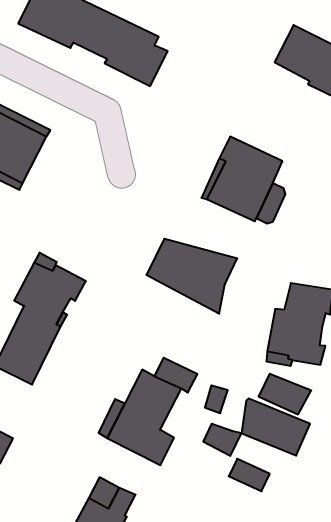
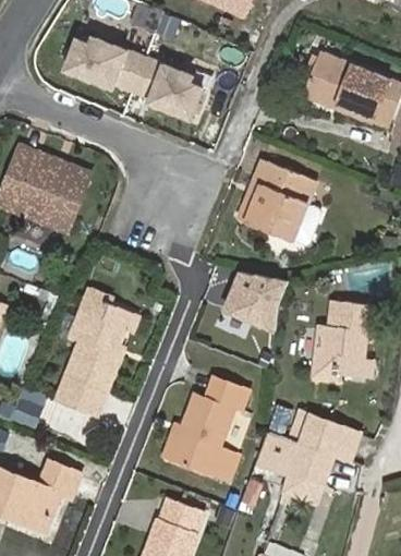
building: [259,374,311,414] -> [289,447,339,484]

